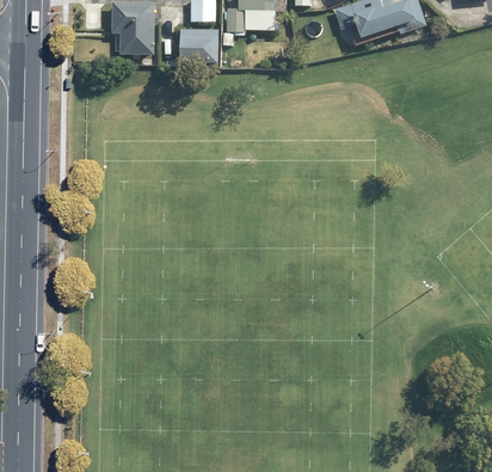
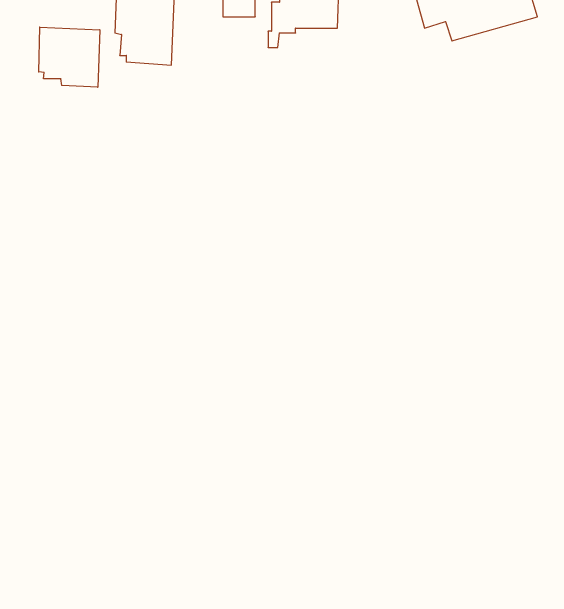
building: [179,29,219,63] -> none
building: none -> [39,27,100,87]

